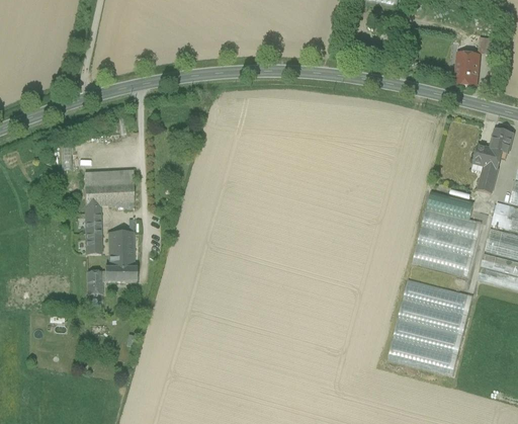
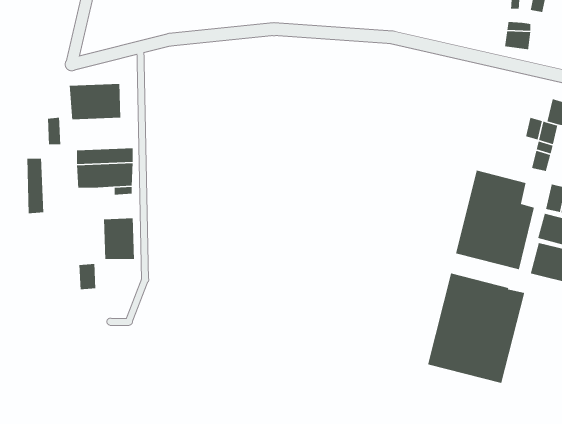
building: none -> [69,83,121,120]
building: [86,205,101,254] -> [27,158,44,214]
building: [105,267,138,281] -> none

